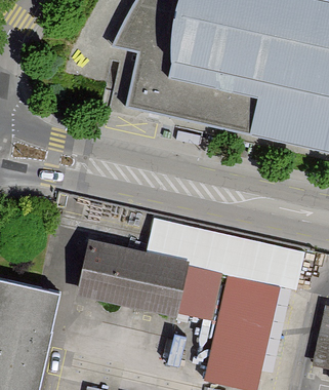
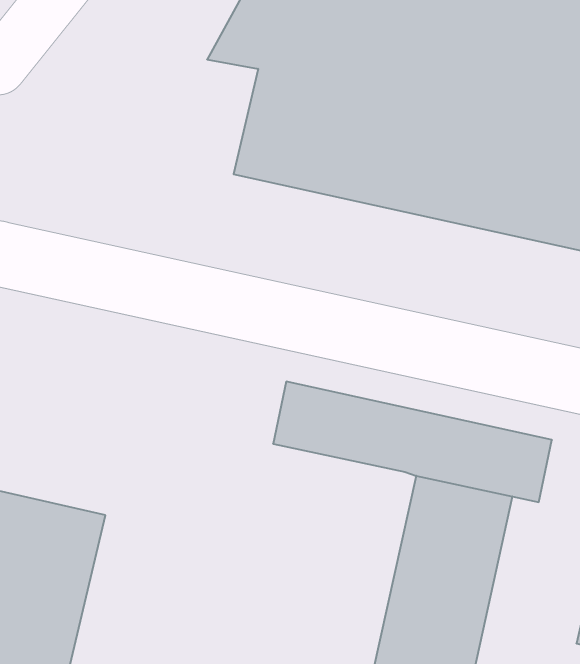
building: [77,240,221,319] -> none

